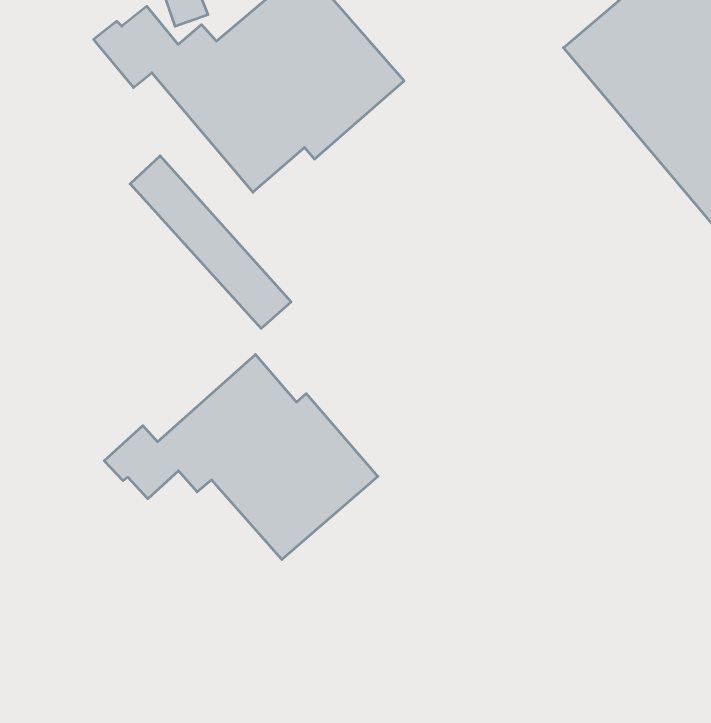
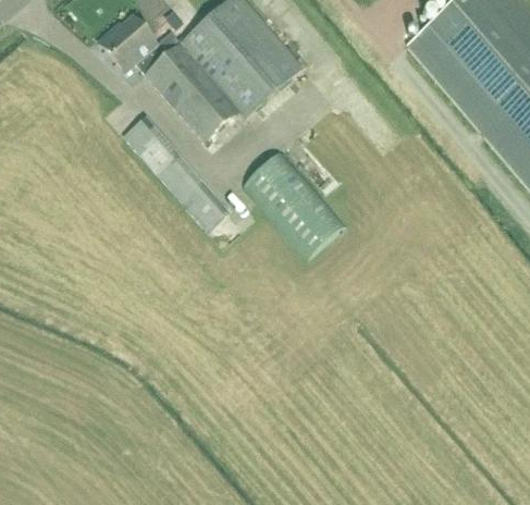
building: none -> [243,150,344,257]
building: [104,354,378,560] -> none

